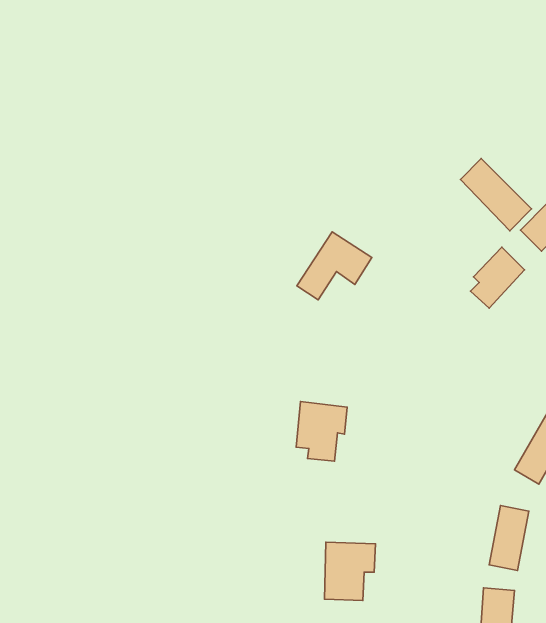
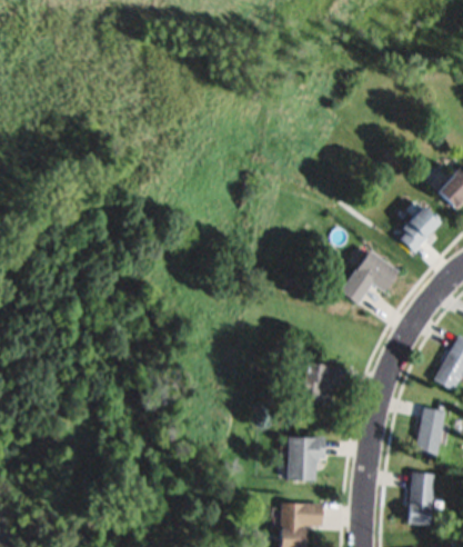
building: [460,158,532,231] -> none
building: [297,232,372,300] -> [340,250,399,304]
building: [296,402,347,461] -> [301,361,341,408]

